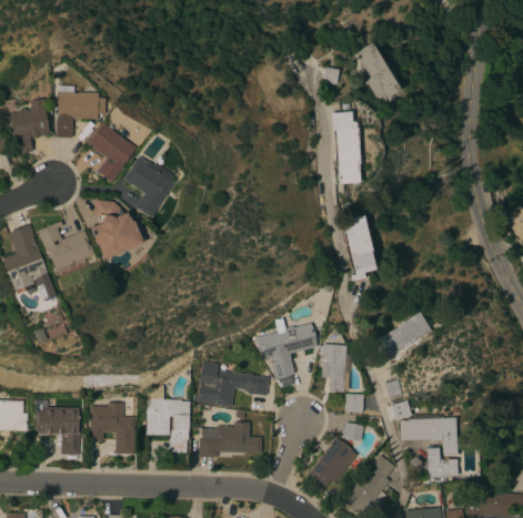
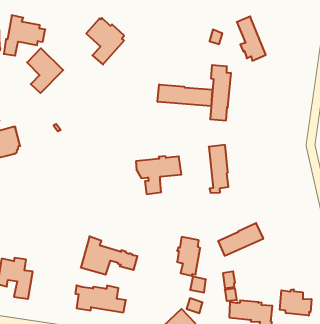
building: none -> [158,84,212,106]
building: [123,156,174,217] -> [86,18,124,65]
building: [82,205,138,258] -> none
building: [255,324,318,379] -> [136,156,181,194]
building: [145,386,190,454] -> none
building: none -> [280,289,311,316]

